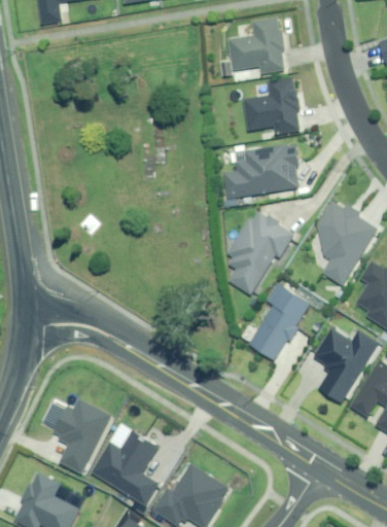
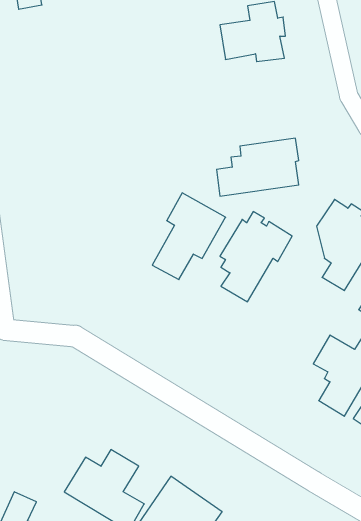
building: [243,78,302,133] -> none
building: [241,281,309,361] -> [152,193,226,280]
building: [39,400,106,473] -> none

